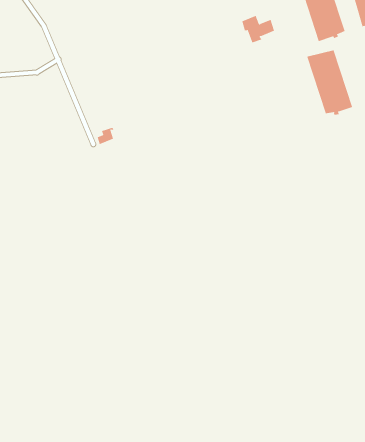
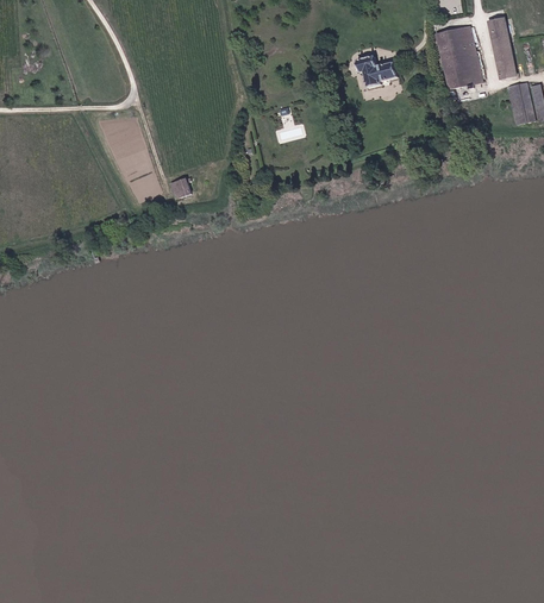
building: [307,50,353,116] -> none

